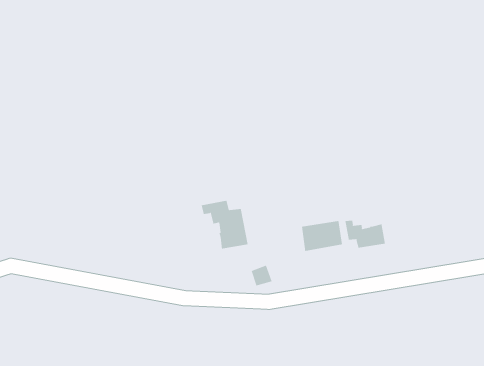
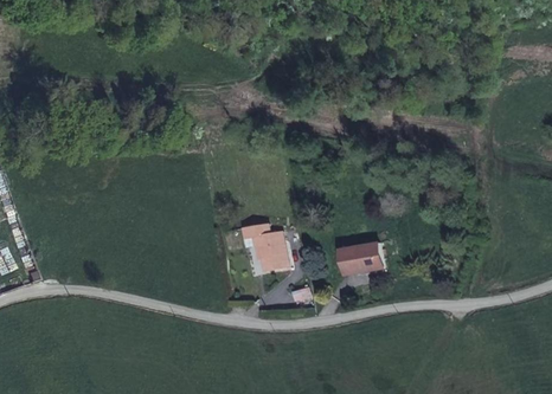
building: [345,220,386,248] -> none

